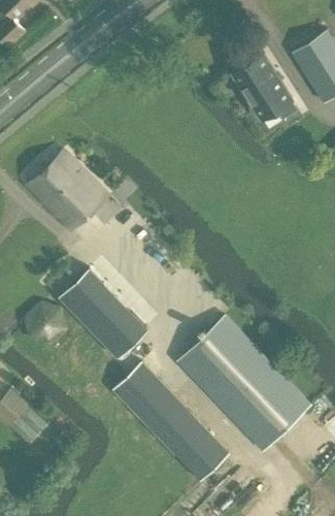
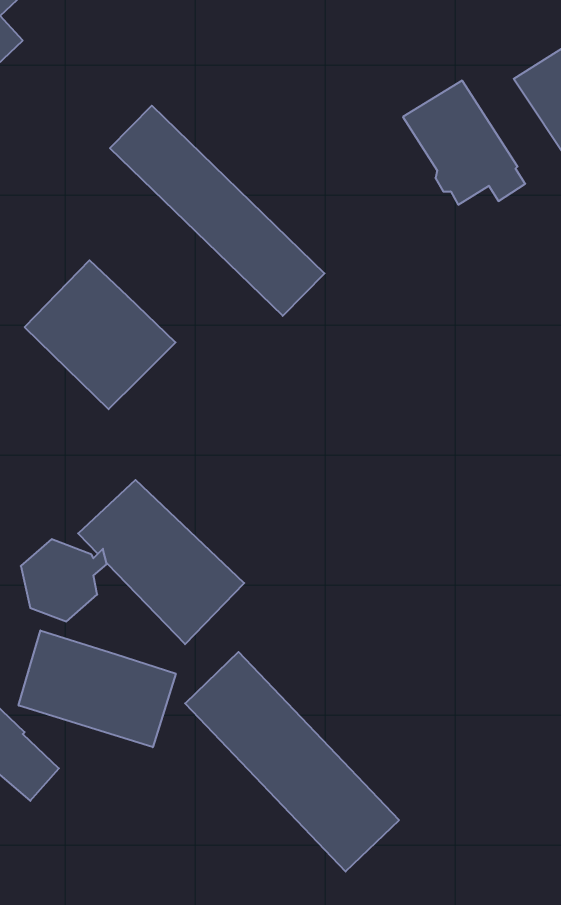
building: none -> [110,106,325,316]
building: [178,316,310,450] -> none
building: none -> [19,630,176,747]

